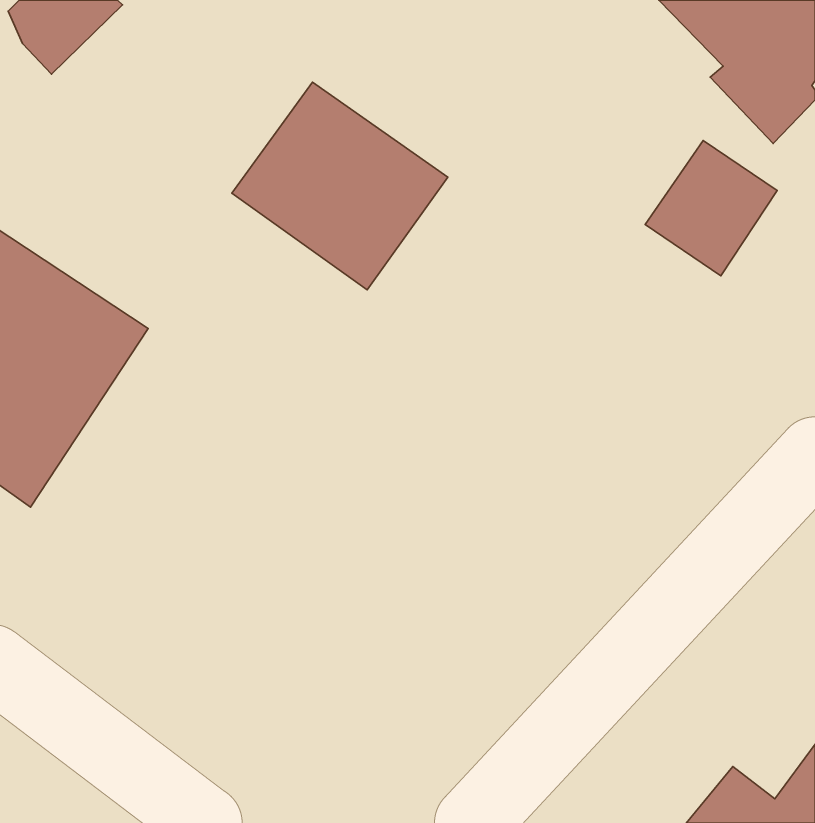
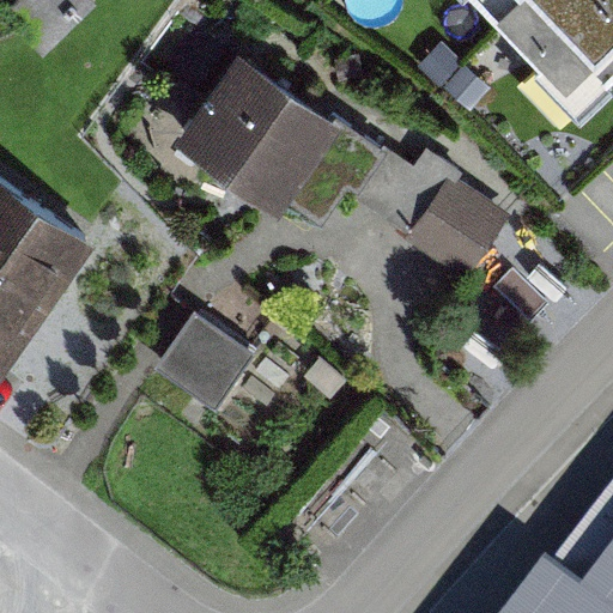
building: [645,141,777,276] -> [407,178,505,279]
building: none -> [154,308,257,408]

